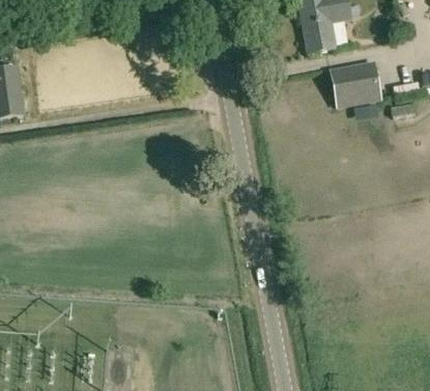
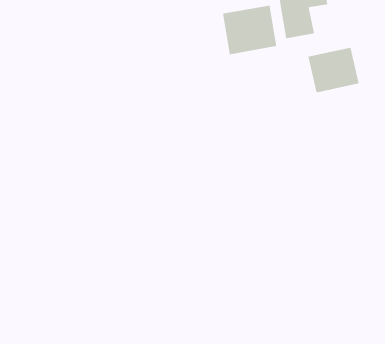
building: none -> [223,5,277,55]

